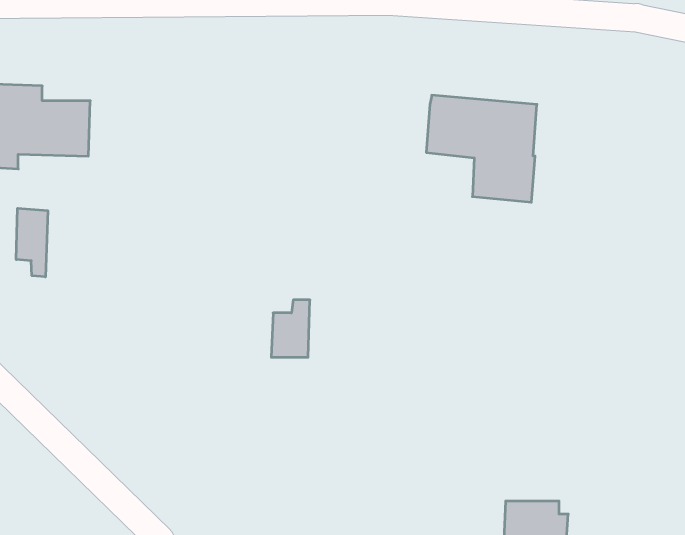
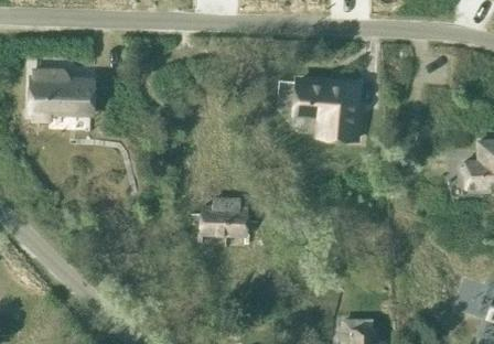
building: [16,208,48,277] -> none
building: none -> [224,200,247,235]

